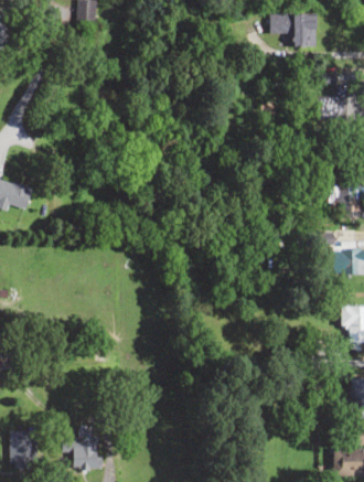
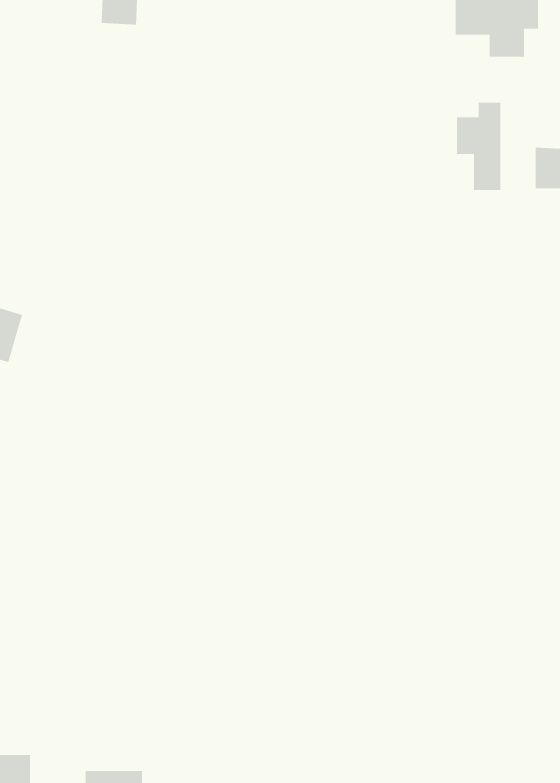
building: none -> [457,102,501,191]

